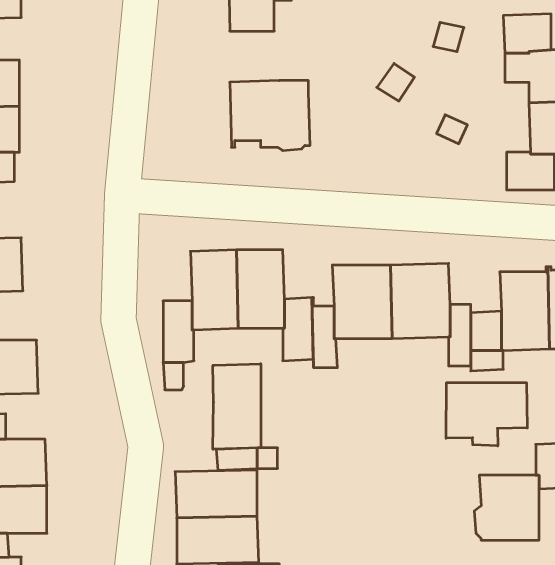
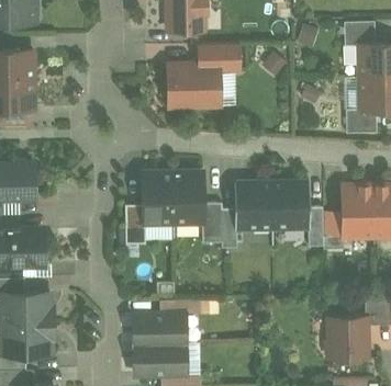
building: none -> [199,43,239,70]
building: [213,364,261,449] -> none
building: [446,383,527,446] -> none

